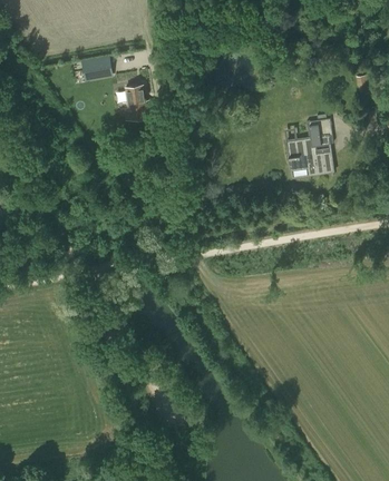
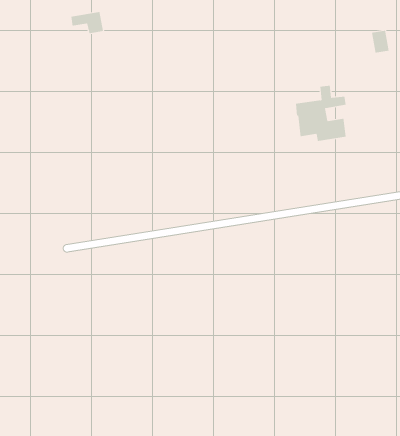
building: [124,85,152,120] -> none

